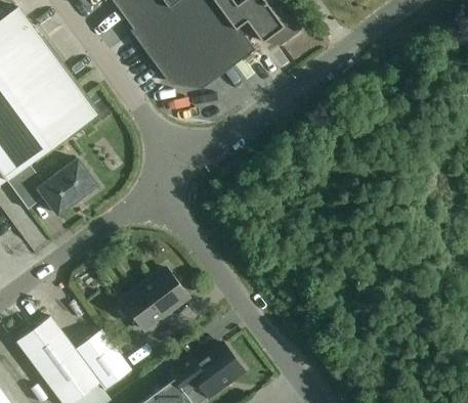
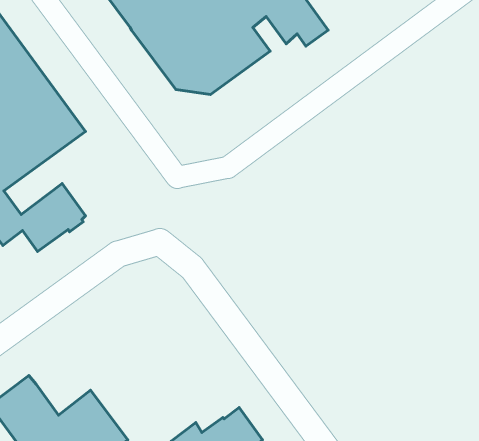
building: [122,269,187,330] -> none

